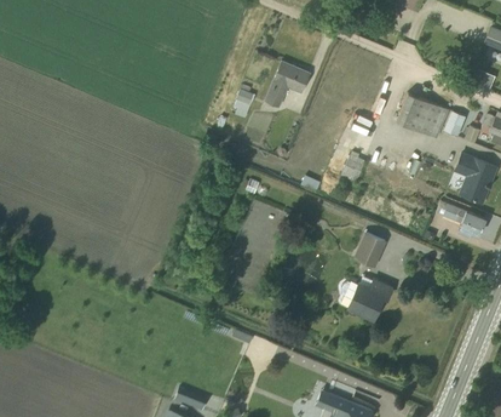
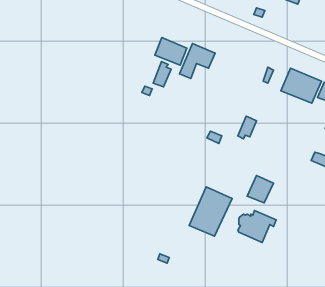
building: none -> [155,38,187,65]
building: none -> [189,187,232,236]

